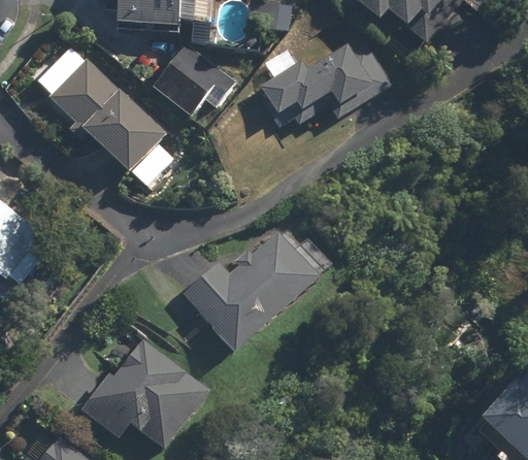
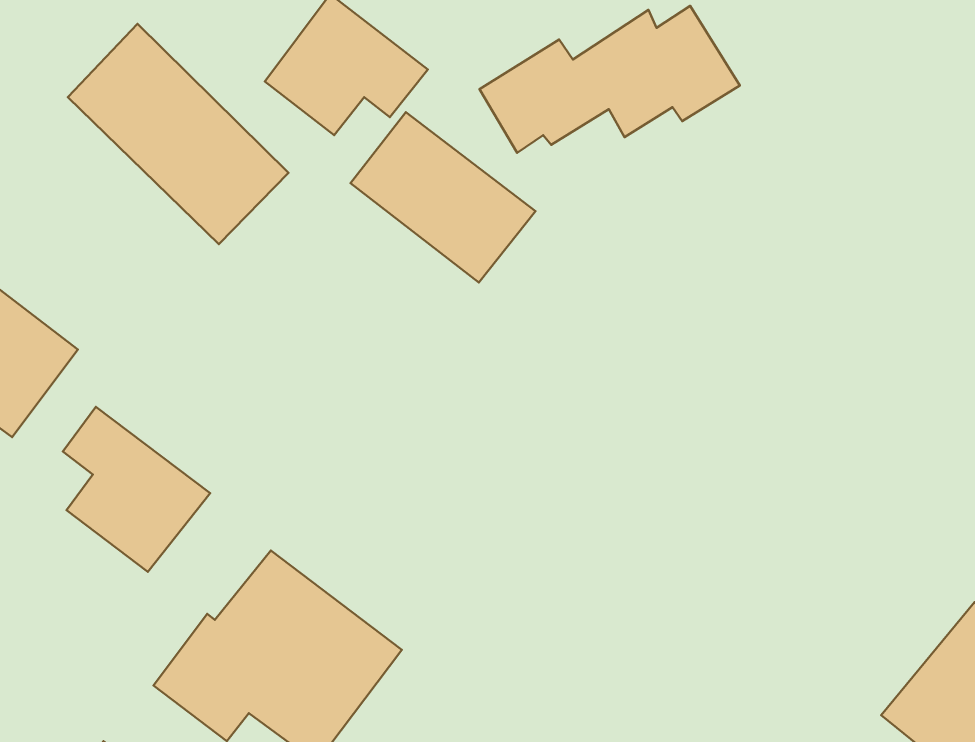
building: none -> [351,112,535,283]
building: [192,223,331,346] -> none
building: none -> [63,407,210,572]

